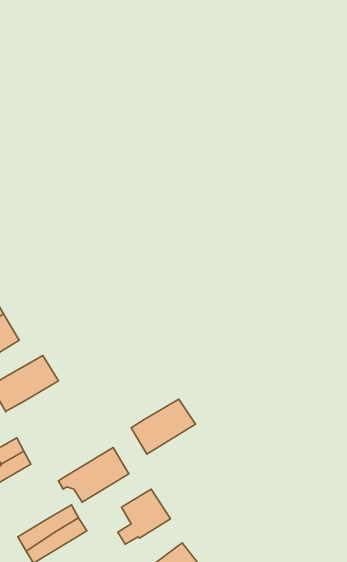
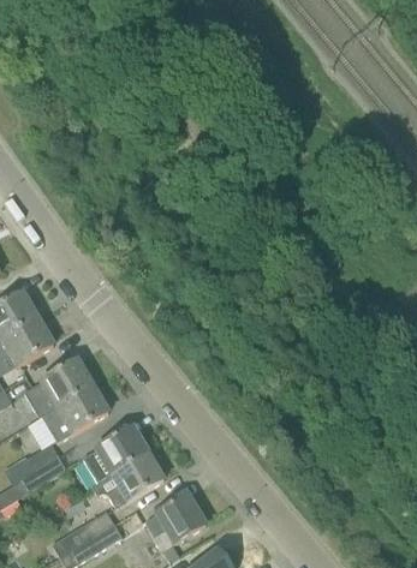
building: none -> [41,384,108,441]
building: [131,399,196,454] -> [83,426,148,482]

